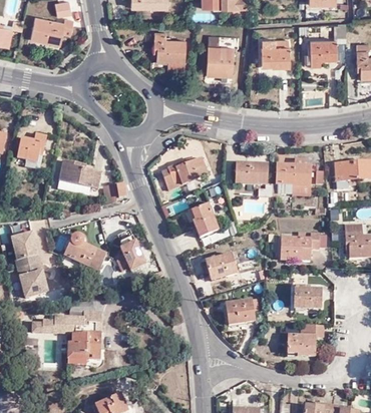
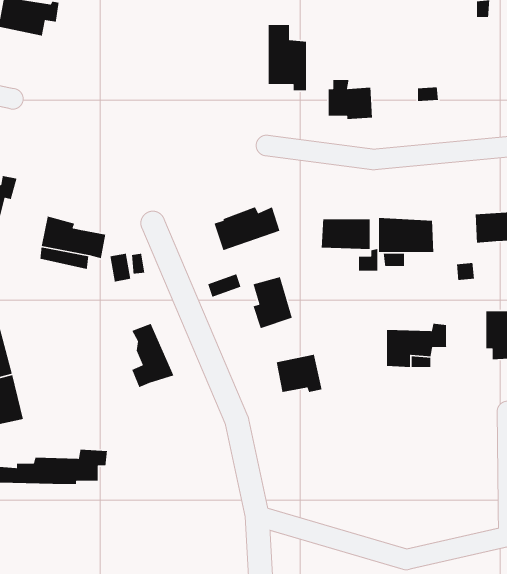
building: [151,35,182,74] -> none
building: [261,37,290,63] -> [328,79,373,120]
building: [313,38,338,62] -> none
building: [64,235,106,272] -> none
building: [290,283,320,307] -> none
building: [227,300,261,323] -> none
building: [284,325,322,355] -> none
building: [68,336,103,364] -> none

